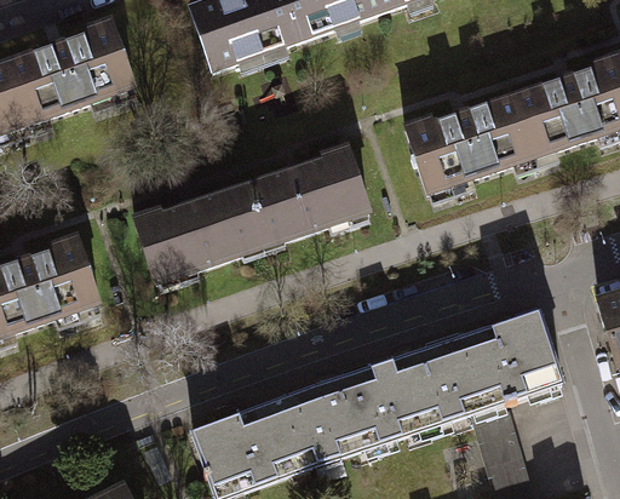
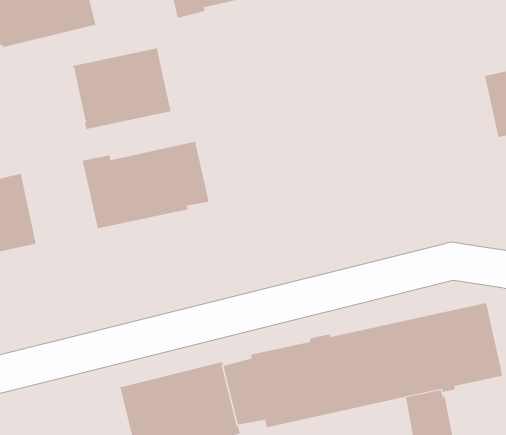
building: [404,94,533,191] -> none
building: none -> [72,47,171,130]
building: [242,145,369,243] -> none

